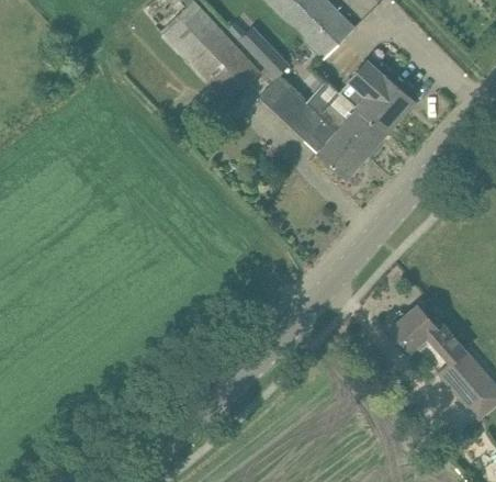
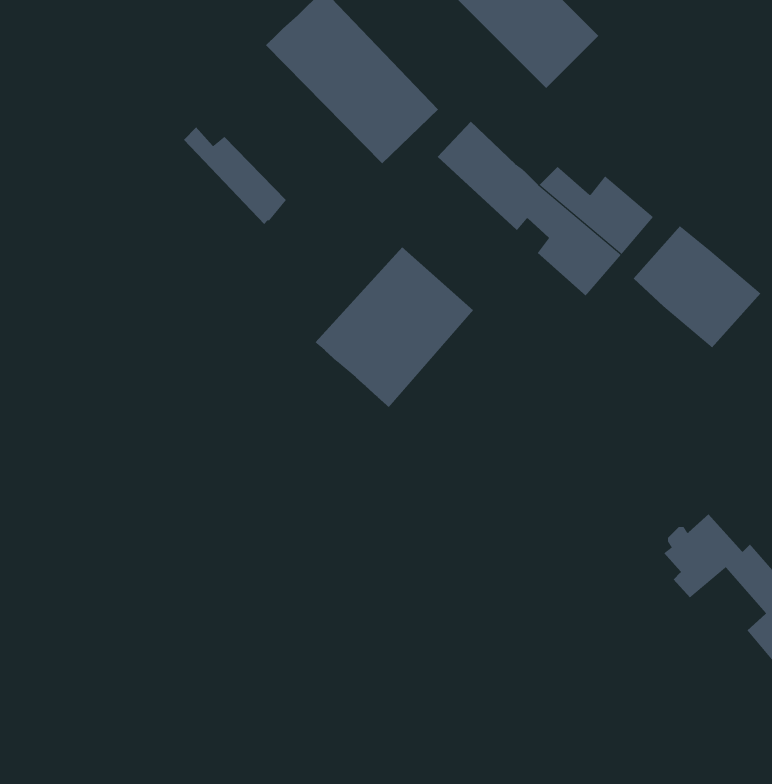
building: [228,21,289,78] -> [183,127,287,225]
building: [339,61,414,133] -> [633,225,761,348]
building: none -> [315,246,474,408]

